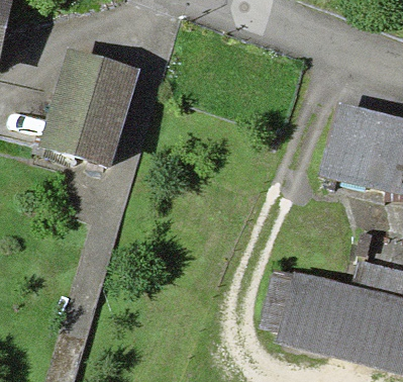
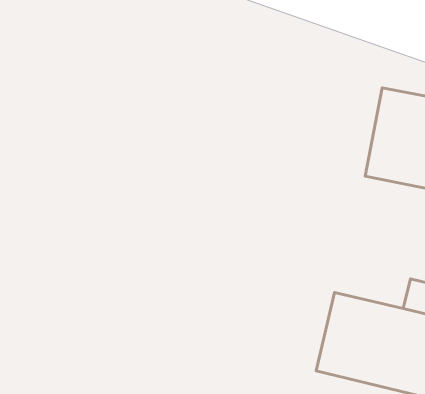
building: [48,56,132,162] -> none

